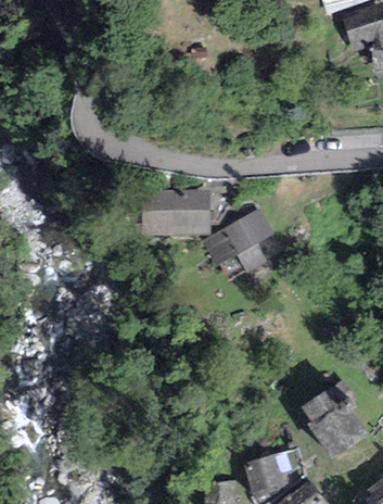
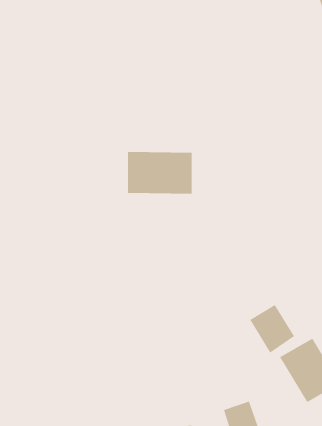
building: [207,212,271,270] -> none
building: none -> [250,304,295,353]

